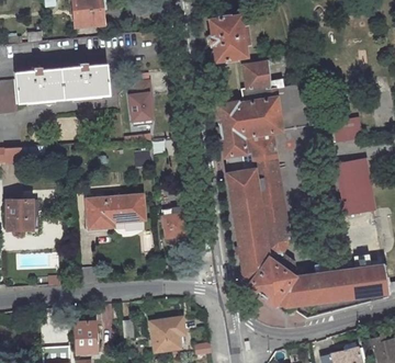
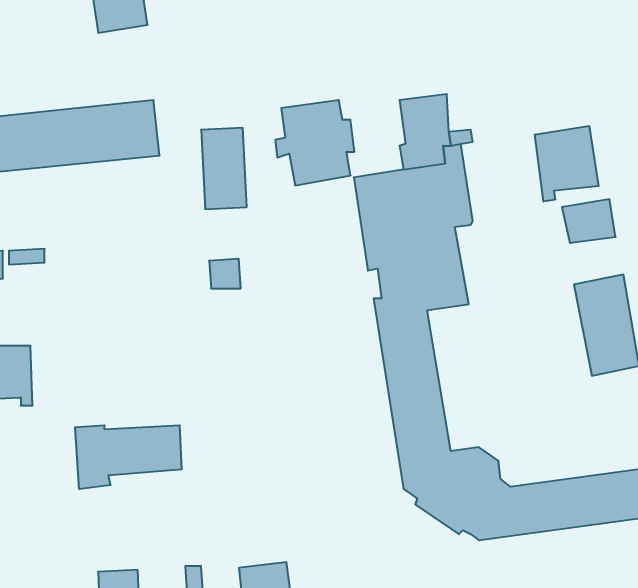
building: [205,15,249,63] -> [275,100,355,185]
building: none -> [535,126,599,202]
building: [257,177,291,258] -> none
building: [84,200,144,235] -> [75,425,182,489]
building: [161,205,185,242] -> none

